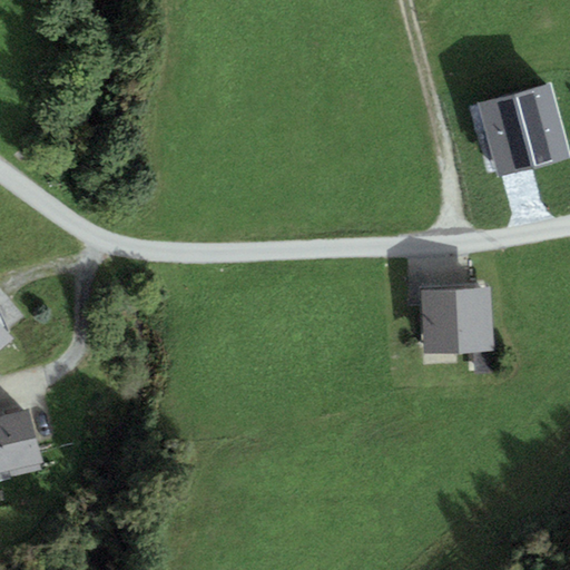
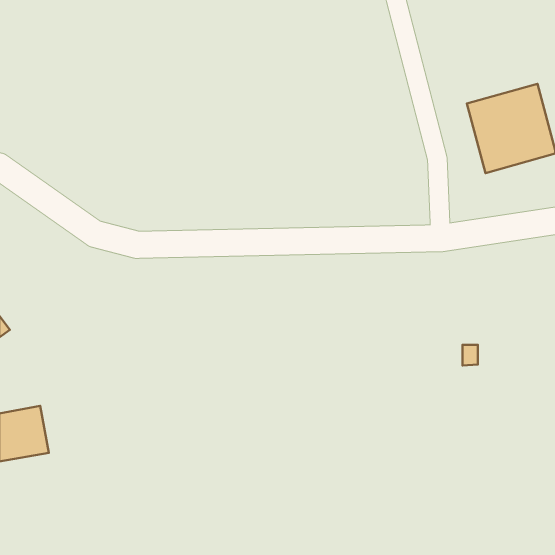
building: [421,286,488,351] -> none

